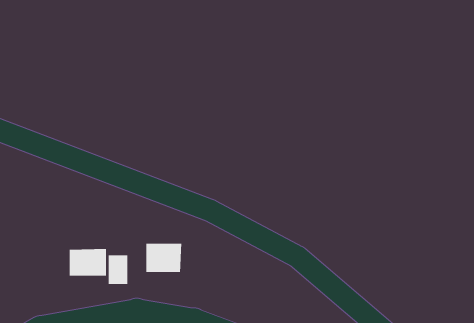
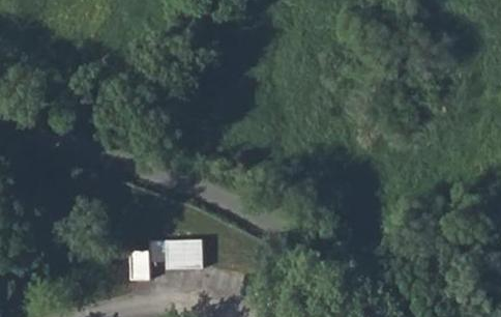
building: [69,248,107,276] -> none

